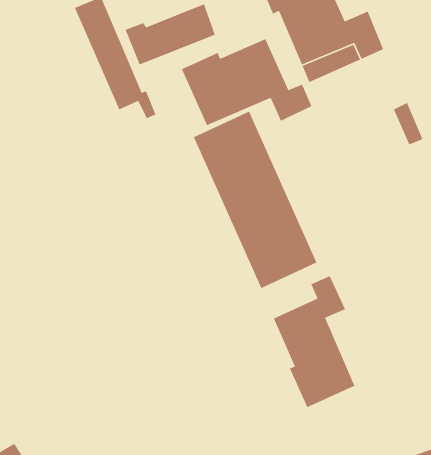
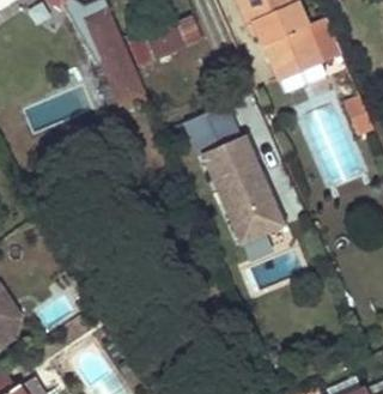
building: [181,38,313,126] -> none
building: [273,275,356,408] -> none

